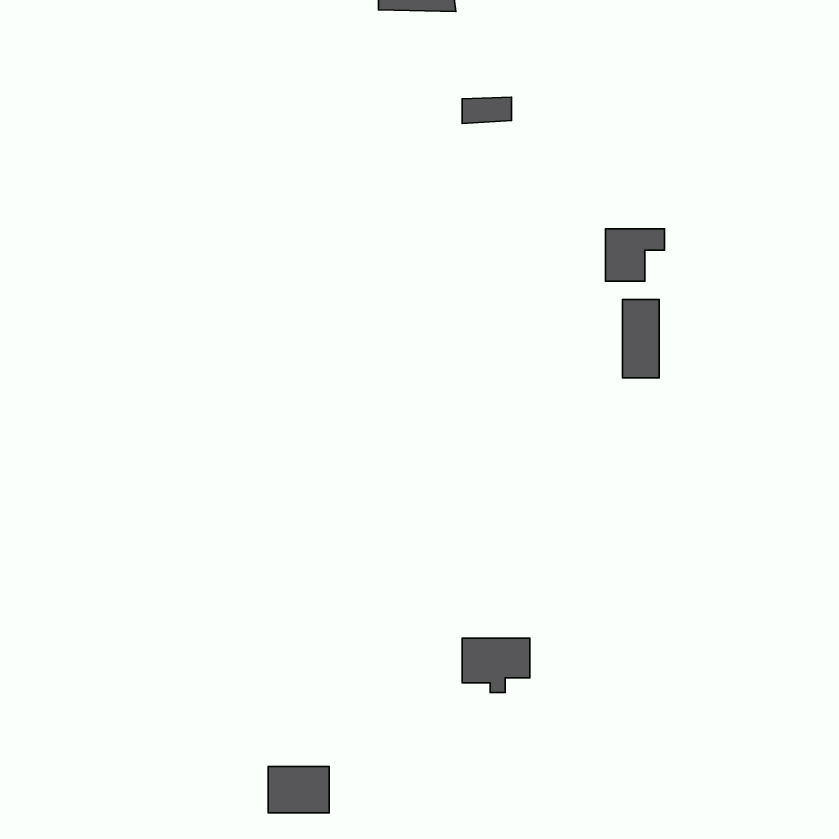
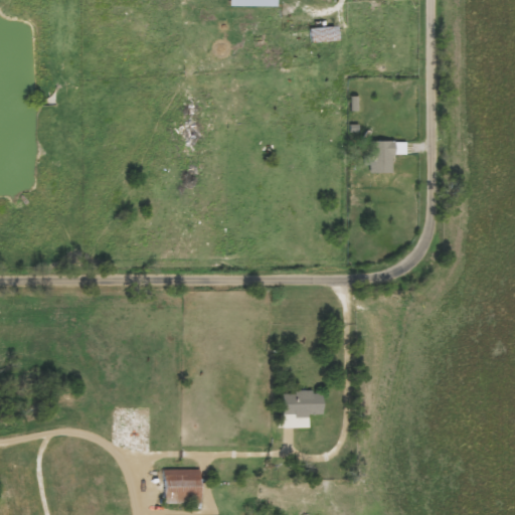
building: [462,97,512,124] -> [310,26,340,42]
building: [622,300,659,378] -> none

